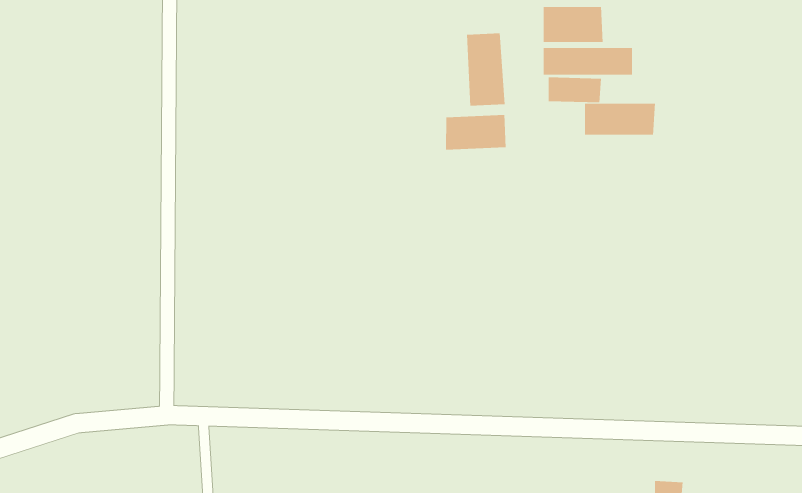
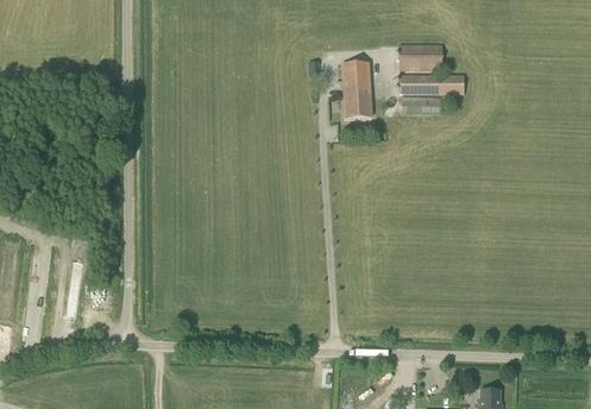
building: [584,103,655,136] -> none
building: [446,114,506,151] -> none

